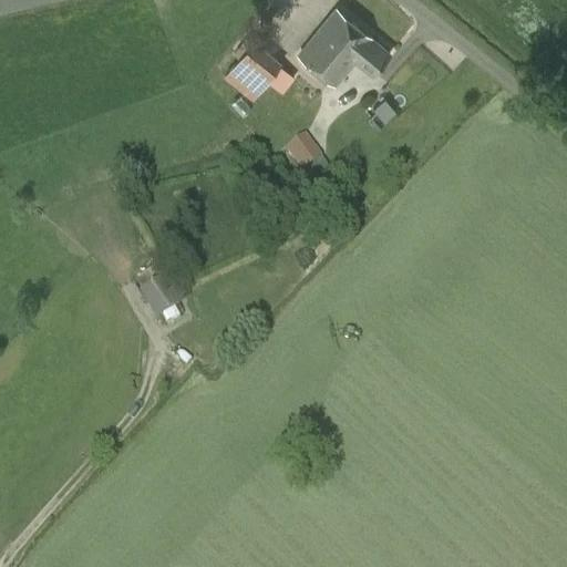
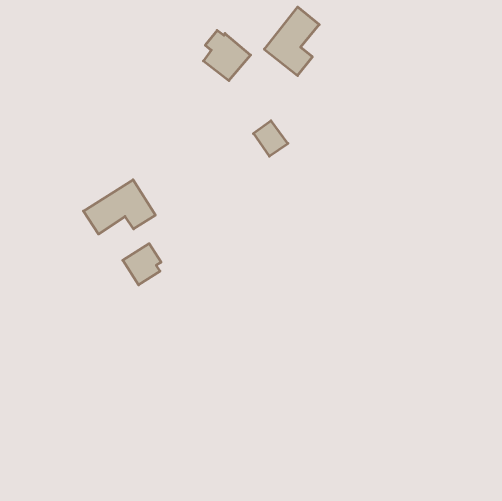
building: [339,29,390,76] -> none
building: none -> [83,180,155,234]

